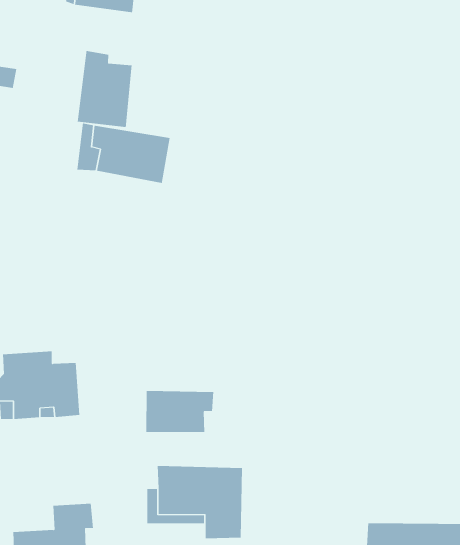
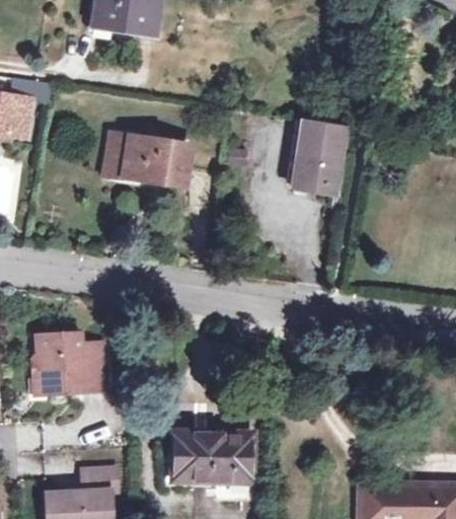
building: [77,50,132,128] -> none
building: none -> [291,119,346,193]
building: [146,390,214,433] -> none

